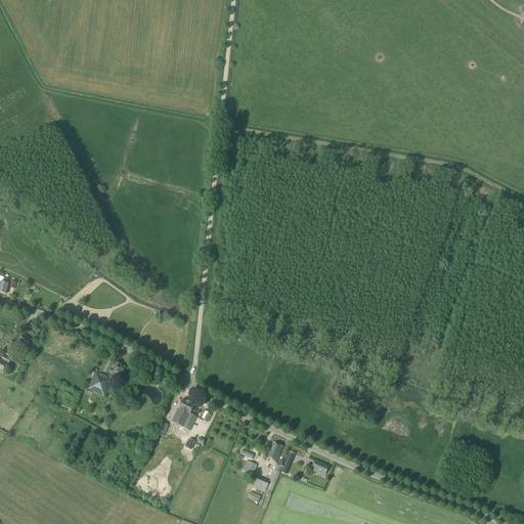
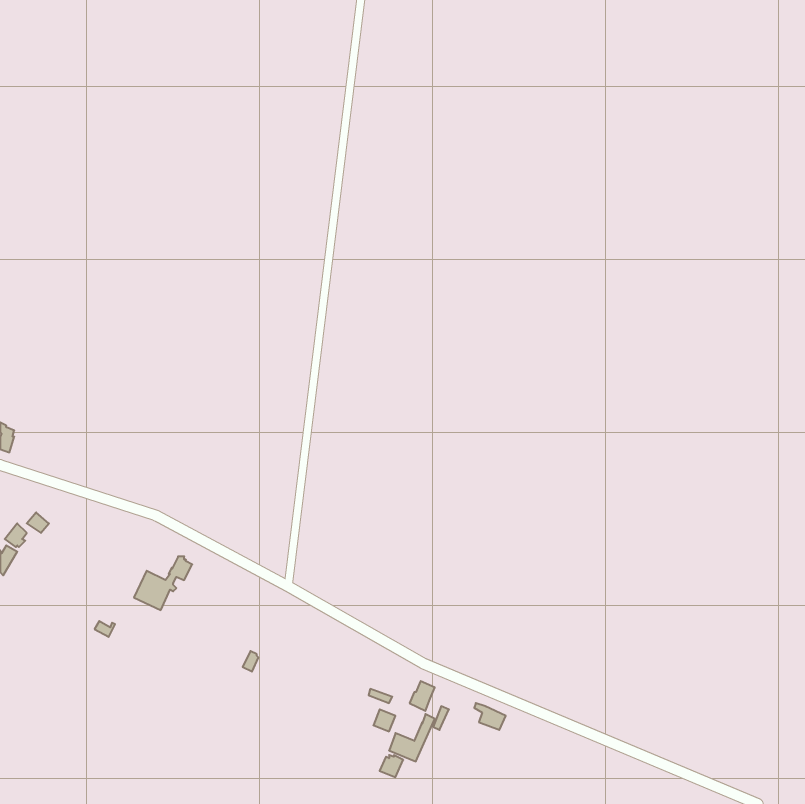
building: [171,398,196,430] -> none

